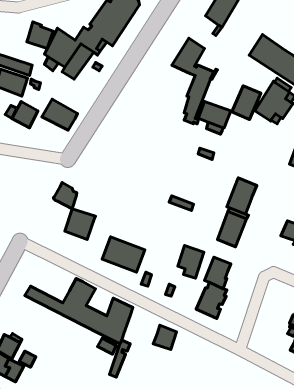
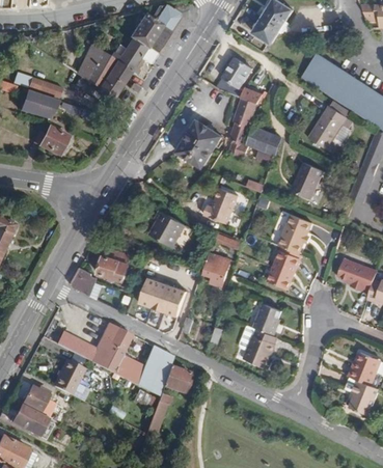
building: [27,22,53,49] -> none
building: [232,86,261,119] -> [291,167,323,204]
building: none -> [176,119,222,167]
building: [42,99,78,130] -> none
building: none -> [202,187,237,224]
building: none -> [153,209,188,248]
building: [54,183,77,209] -> [70,266,95,295]
building: [178,246,204,278] -> [203,250,232,286]
building: none -> [51,359,88,402]
building: [153,325,177,350] -> [162,365,188,392]

